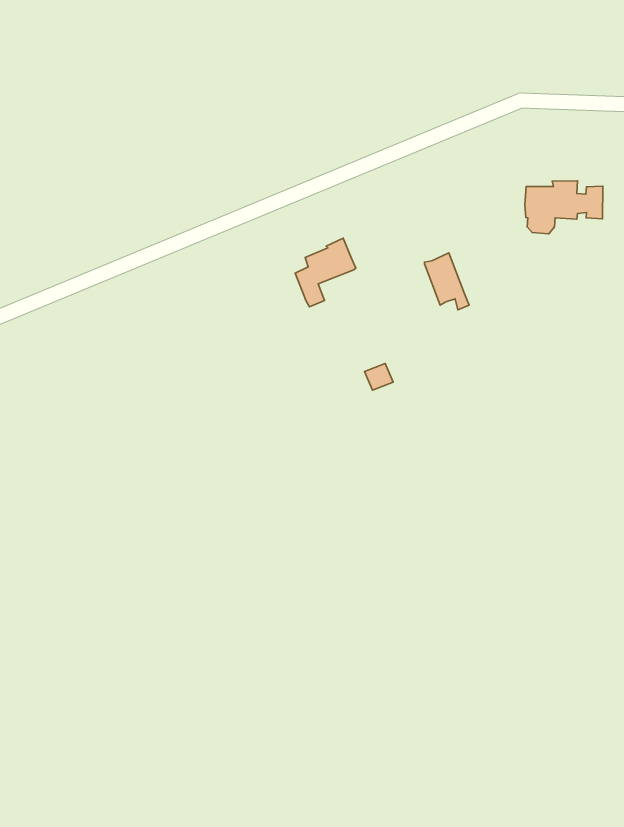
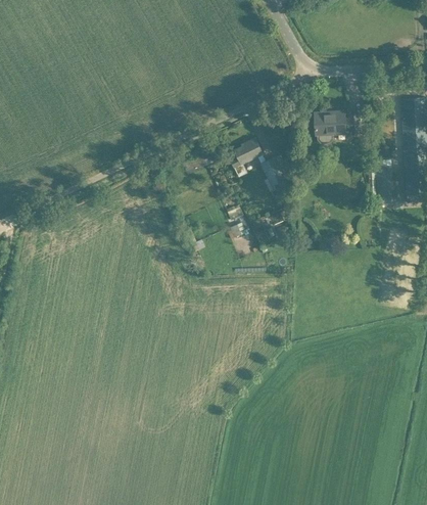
building: [295,238,356,307] -> [229,137,263,177]

